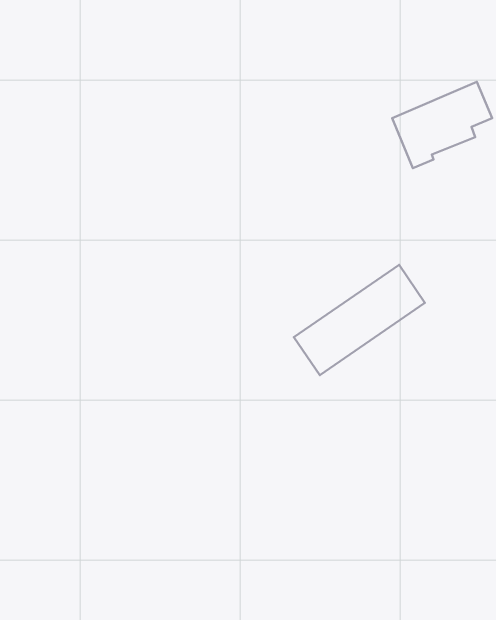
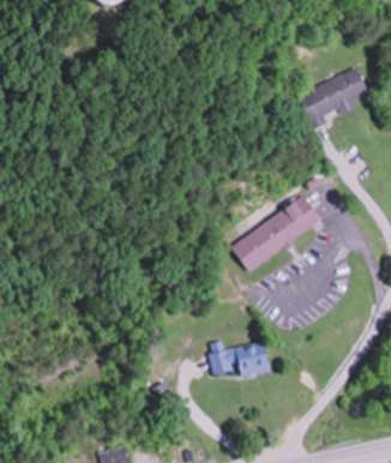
building: none -> [207,341,270,377]

